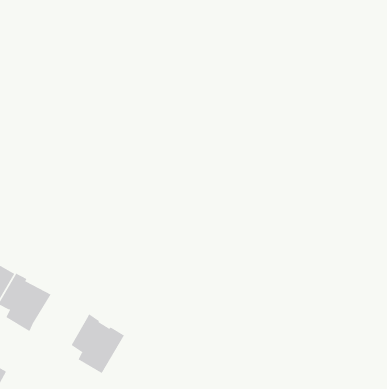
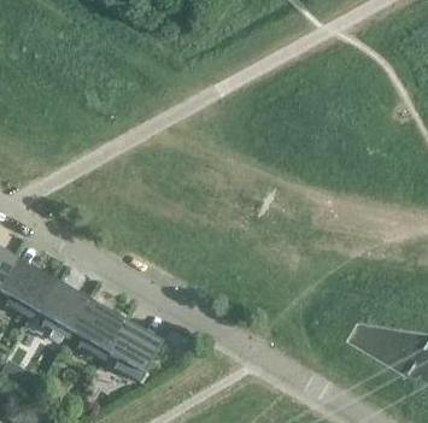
building: none -> [68,296,122,356]

